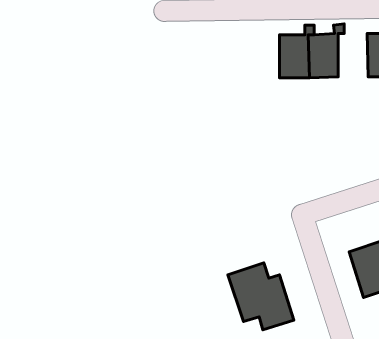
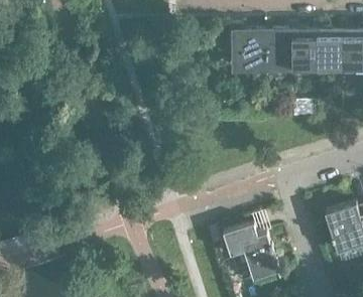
building: none -> [317,24,346,68]
building: none -> [229,25,267,69]

